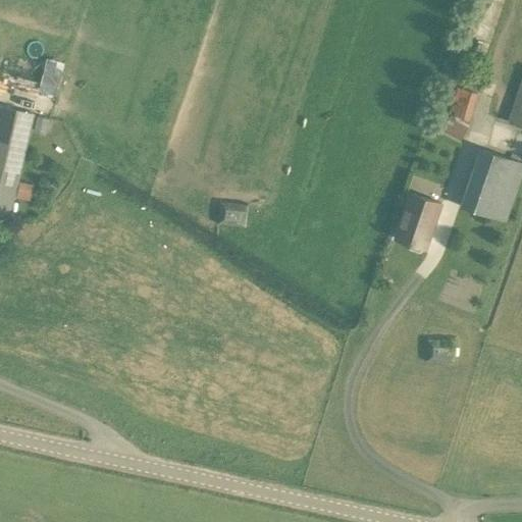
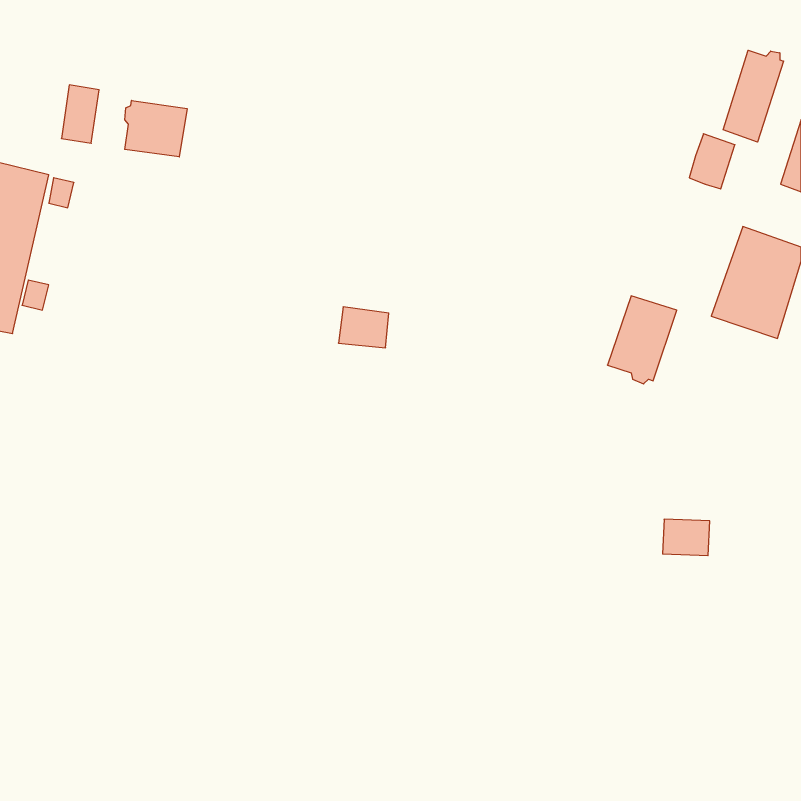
building: none -> [723,50,784,142]
building: none -> [125,100,187,157]

